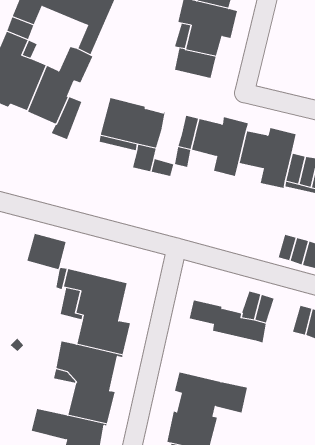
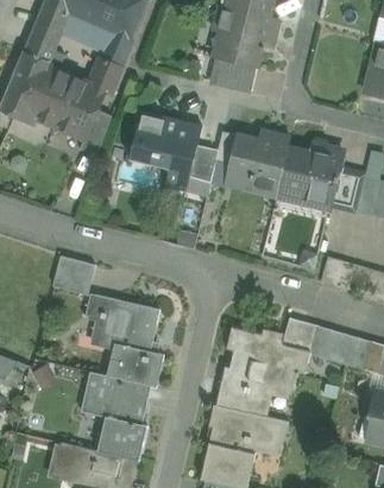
building: none -> [61,14,112,52]
building: none -> [189,146,218,183]
building: none -> [309,327,345,362]
building: none -> [215,348,297,416]

